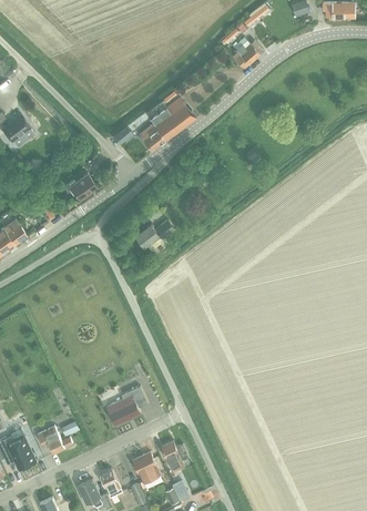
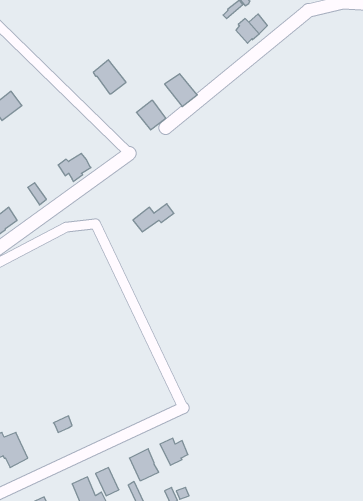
building: [150,106,181,139] -> [93,60,126,94]
building: [104,385,146,423] -> none
building: [35,425,71,452] -> none

